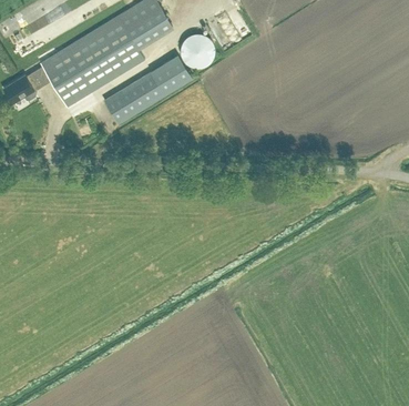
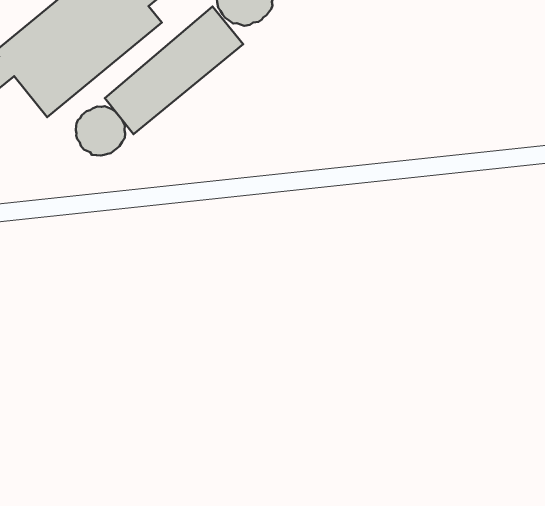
building: none -> [76,106,125,155]

